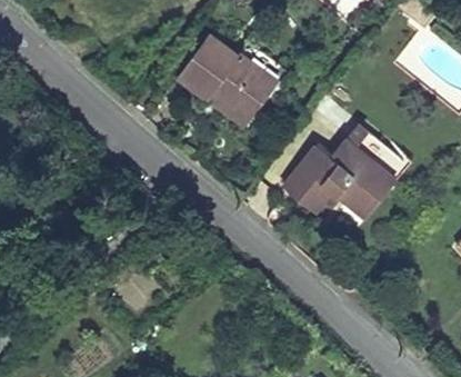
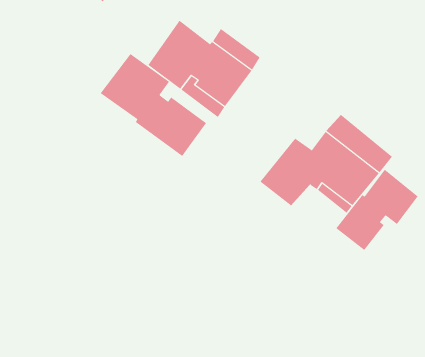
building: none -> [100,53,207,157]
building: none -> [336,169,419,251]

